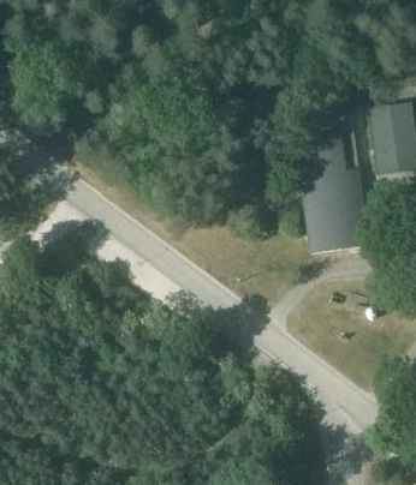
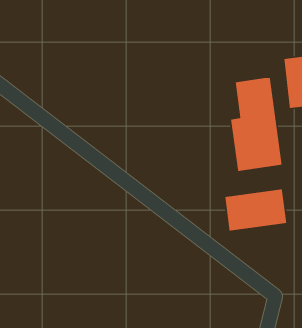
building: none -> [224,188,287,232]

